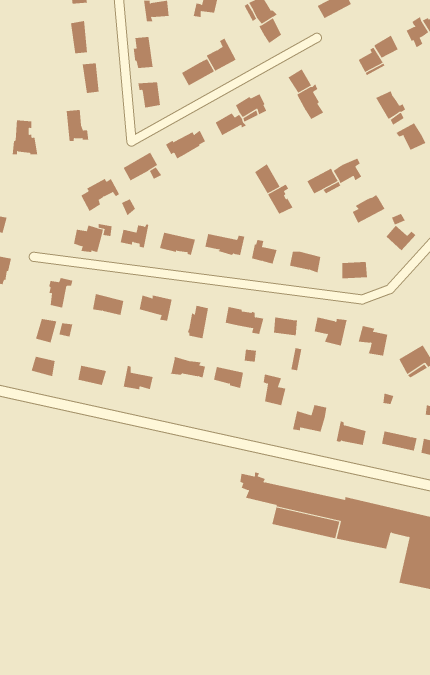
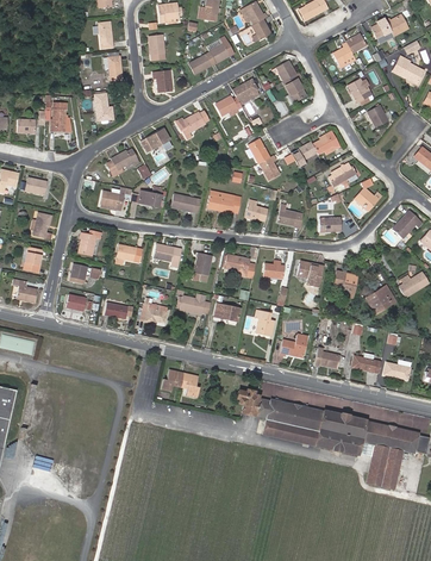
building: none -> [160,369,196,395]

